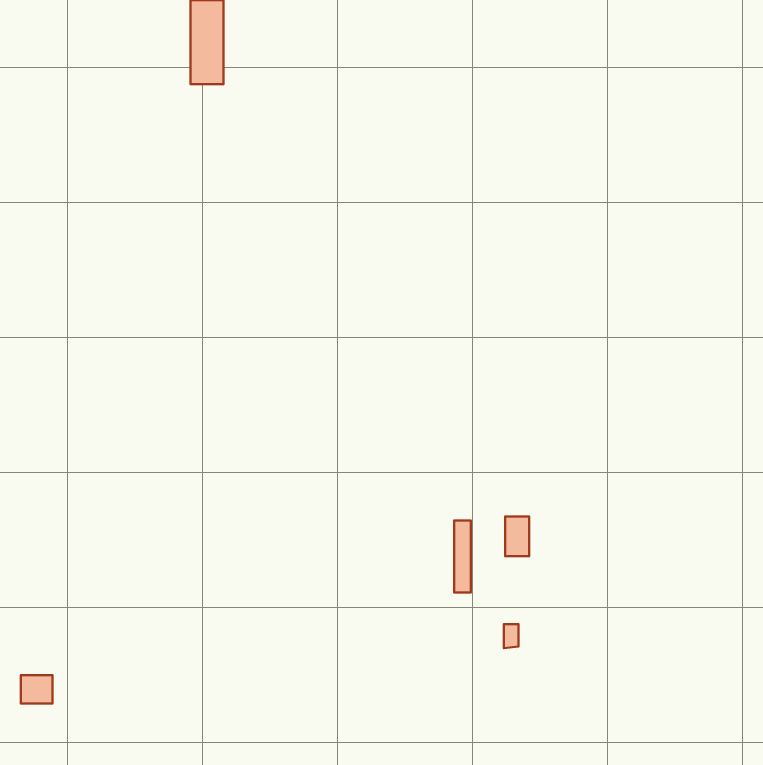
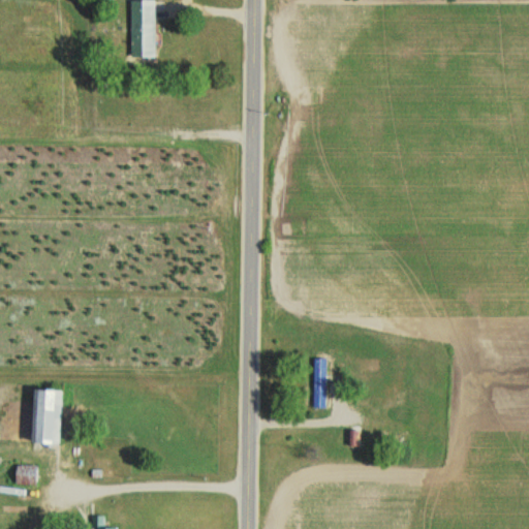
building: [505,516,529,556] -> none
building: none -> [32,388,62,443]

